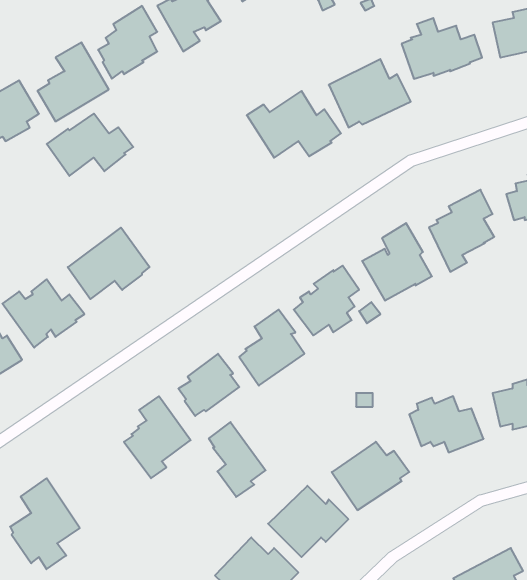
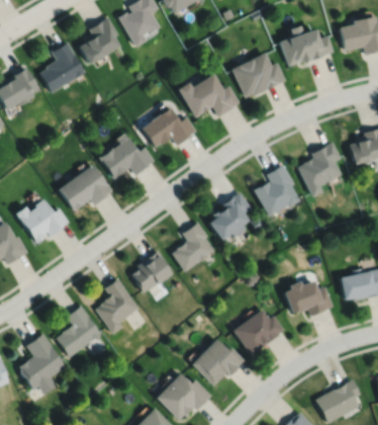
building: [47,114,133,176] -> [97,140,155,181]
building: none -> [140,109,196,149]
building: [209,422,266,497] -> none
building: none -> [56,305,102,356]

